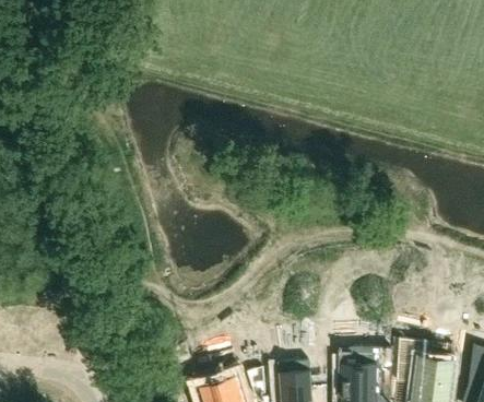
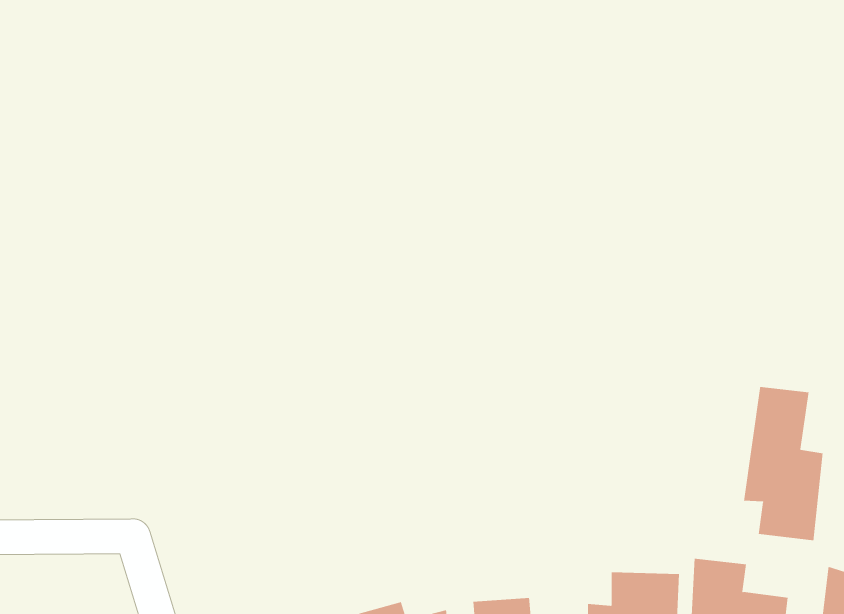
building: none -> [743,386,823,541]

